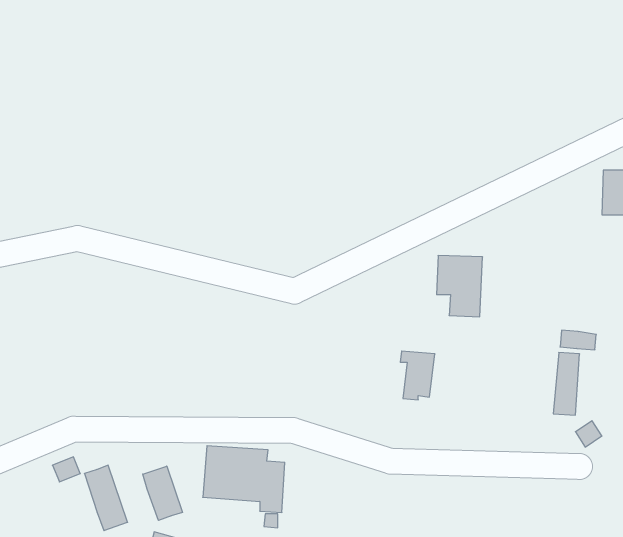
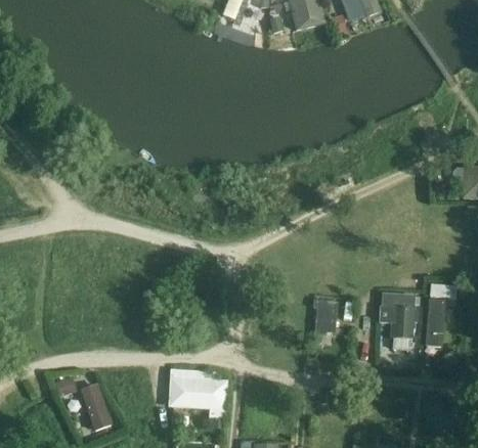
building: [437,256,483,317] -> [380,294,414,339]
building: [143,466,182,520] -> none

